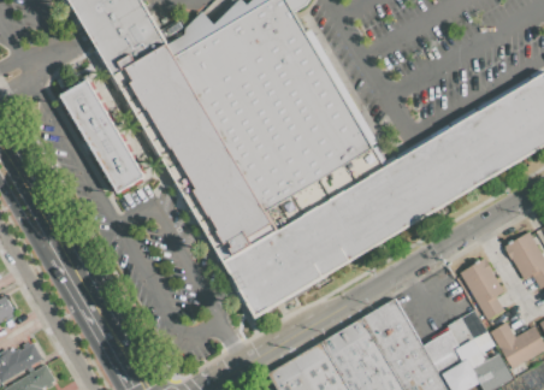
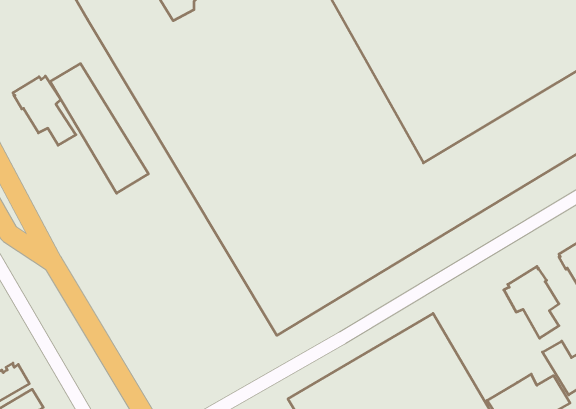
building: none -> [13,76,76,145]
building: [422,317,491,374] -> none

